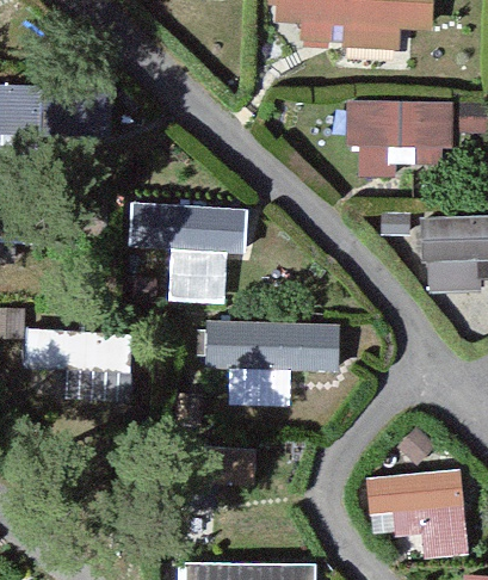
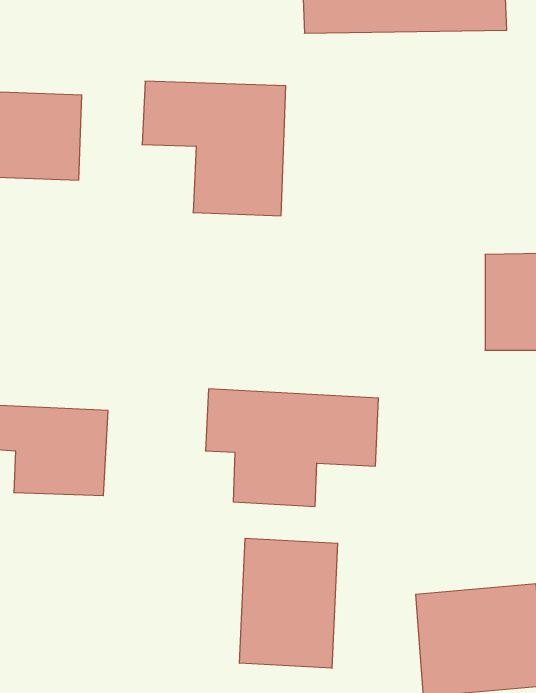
building: [348,98,455,171] -> none
building: [128,202,239,306] -> [142,81,286,216]
building: none -> [240,538,338,668]

